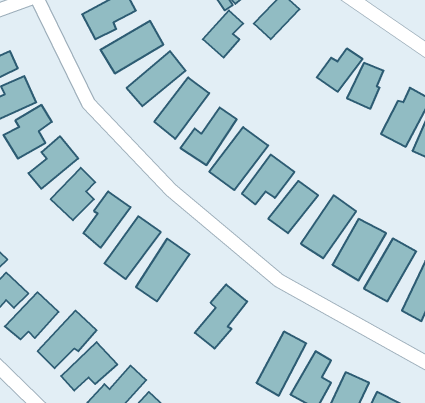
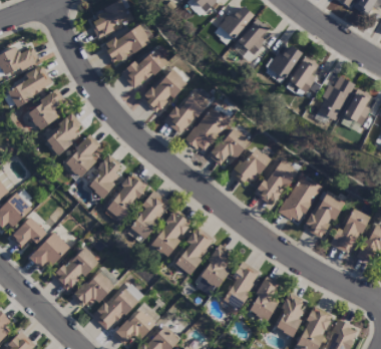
building: [203,10,243,58] -> [238,19,269,55]
building: none -> [150,211,192,257]
building: none -> [200,244,232,295]

